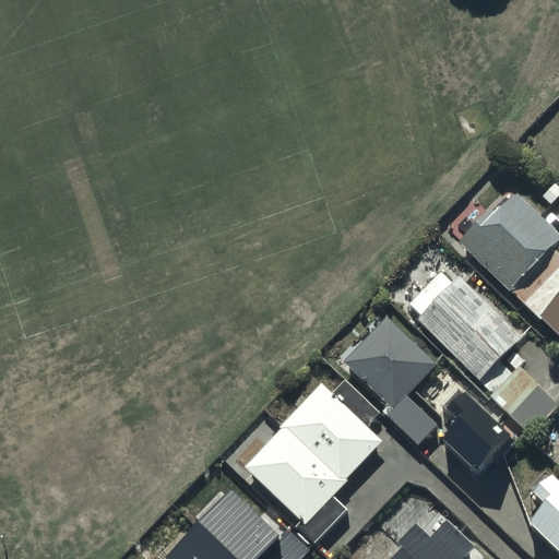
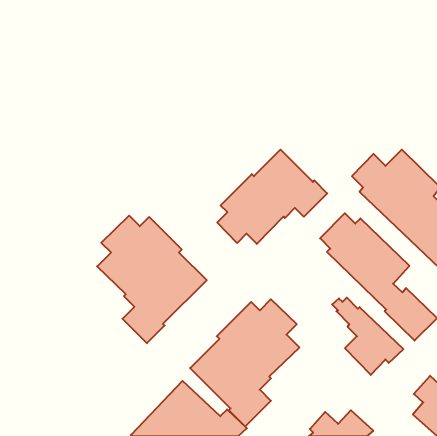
building: none -> [217,150,327,244]
building: none -> [97,216,207,343]
building: [346,318,438,445] -> none

